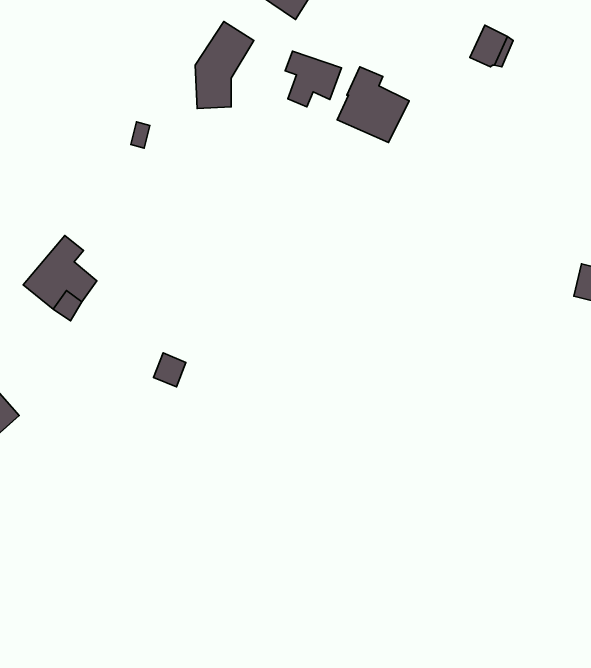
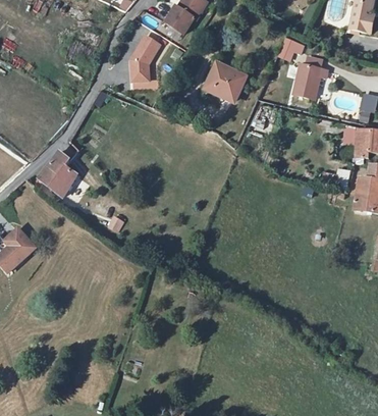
building: [285,51,341,107] -> none
building: none -> [292,63,327,98]

